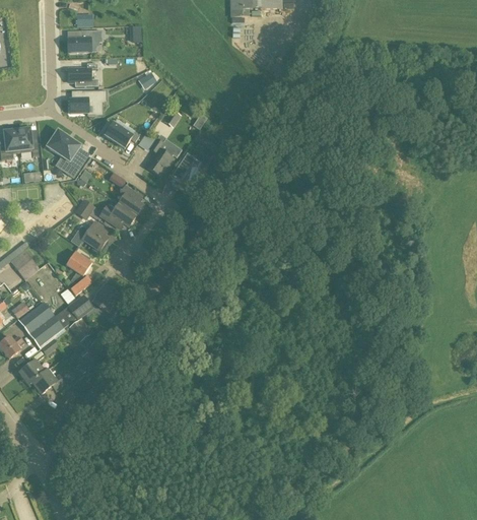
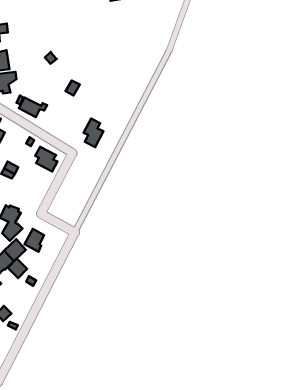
building: [145,132,181,174] -> none
building: [99,203,135,229] -> none
building: [81,219,108,250] -> none

